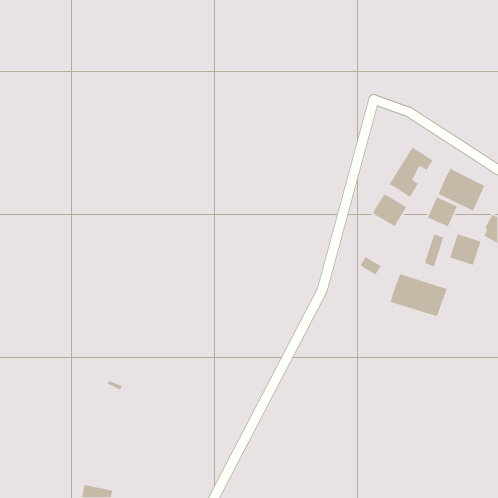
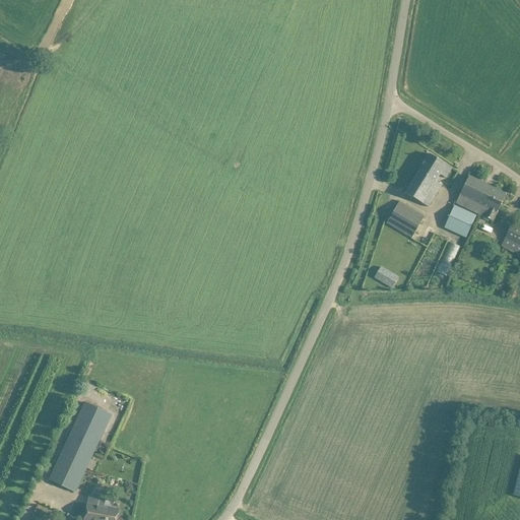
building: [449,233,481,266] -> none
building: [390,273,448,317] -> none
building: none -> [49,403,110,493]

